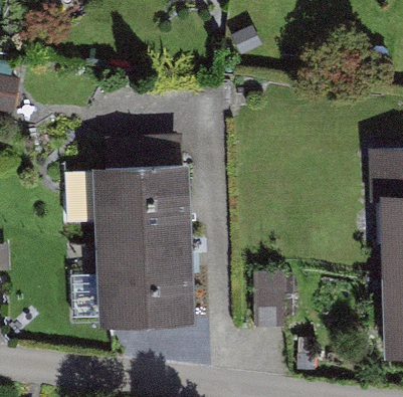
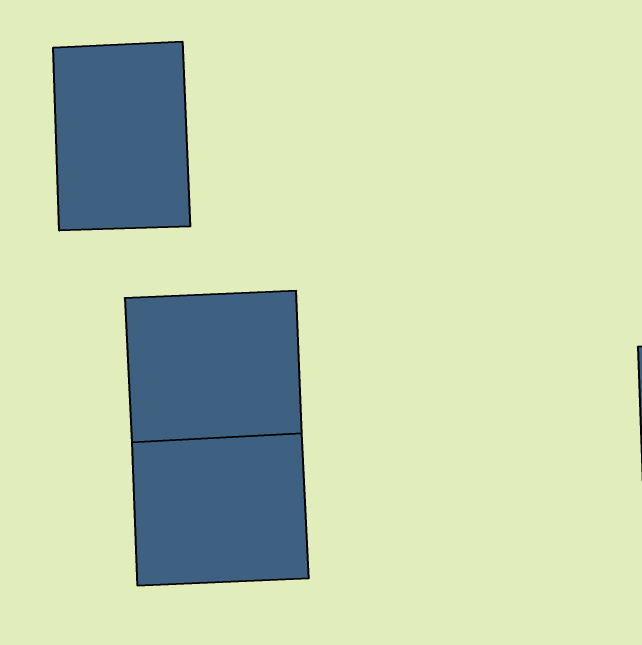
building: none -> [53,42,190,231]

